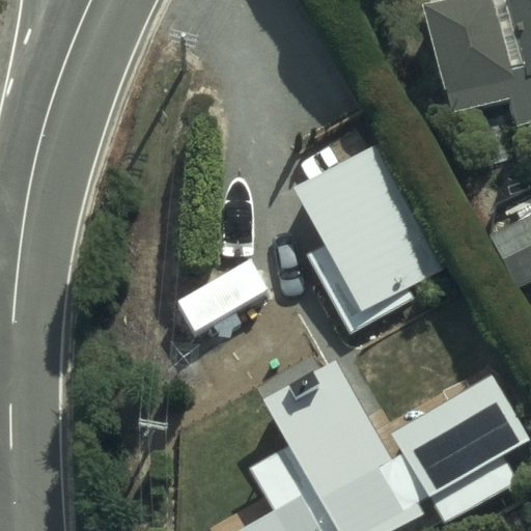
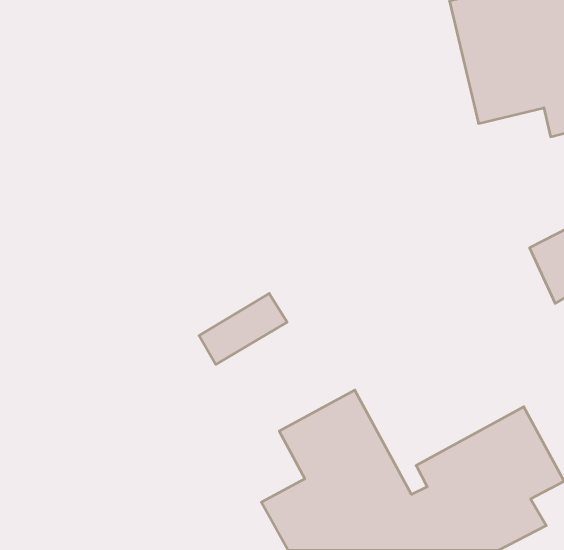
building: [294,149,435,337] -> none

